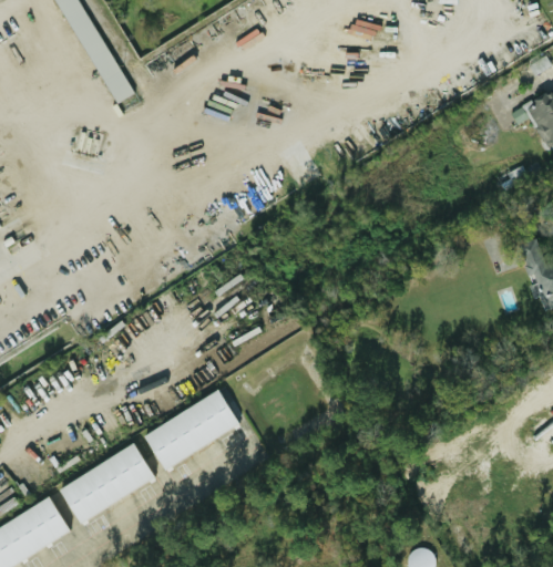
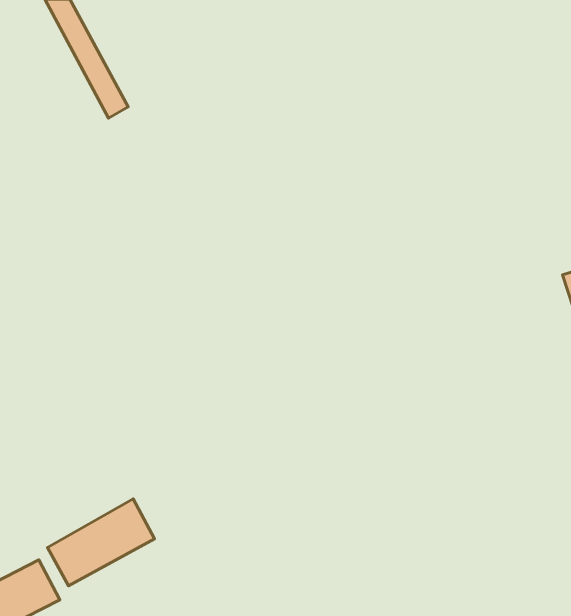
building: [144,390,240,468] -> none

